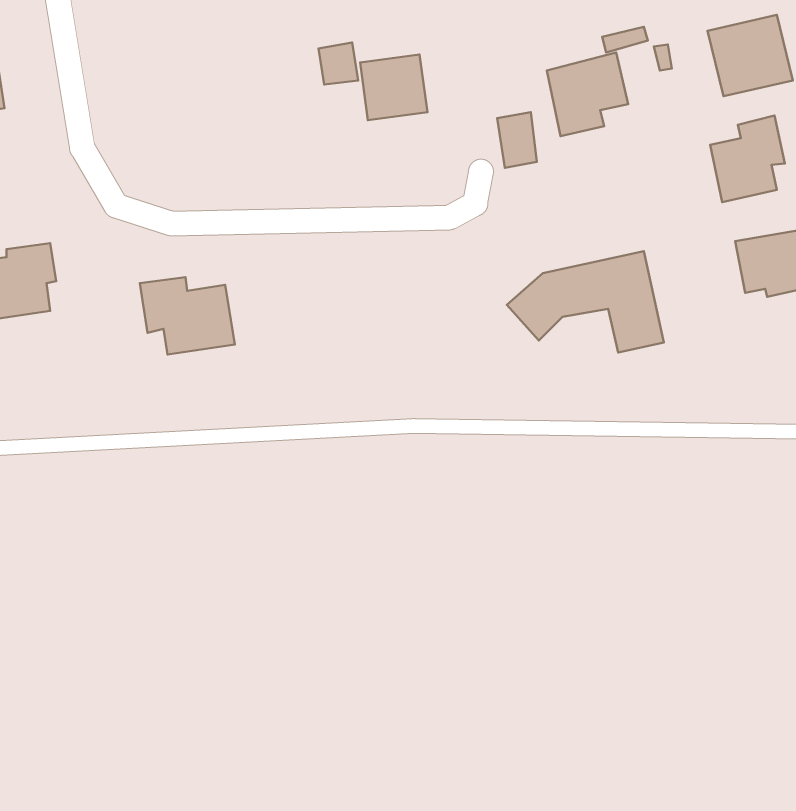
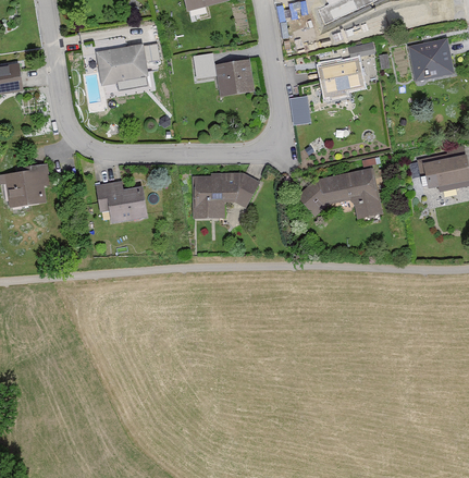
building: none -> [97,44,159,85]
building: [710,116,785,202] -> none
building: none -> [193,173,260,218]

